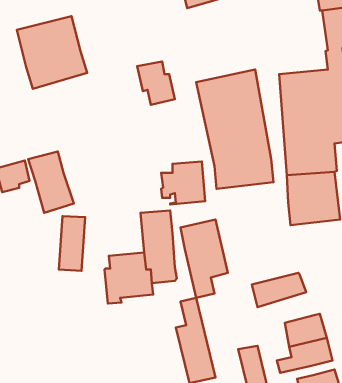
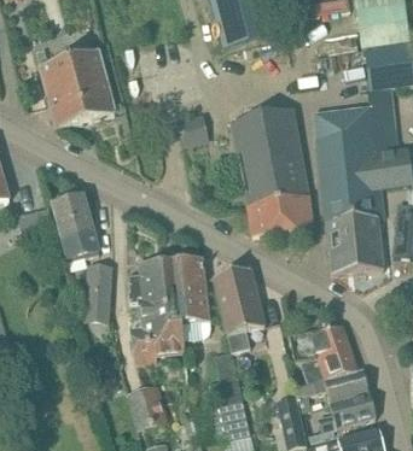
building: [161,161,205,205] -> [128,260,175,306]
building: none -> [296,345,356,382]
building: none -> [129,388,165,429]

